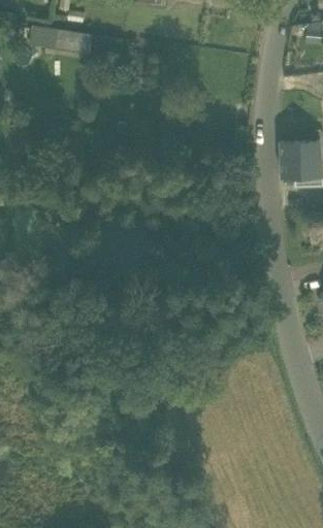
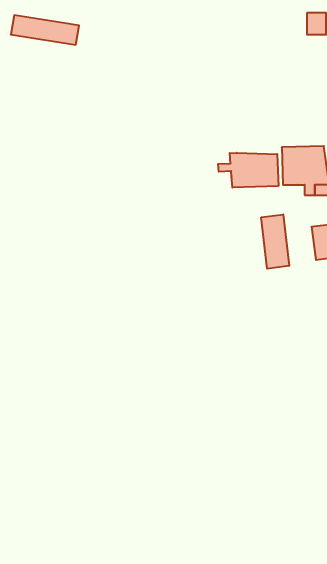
building: none -> [218,153,278,188]
building: none -> [261,214,289,269]

